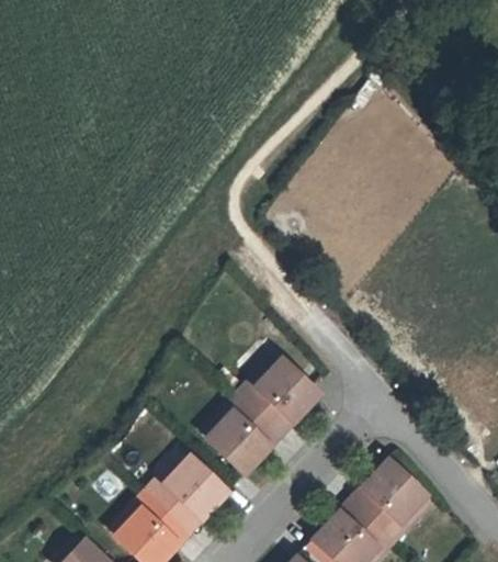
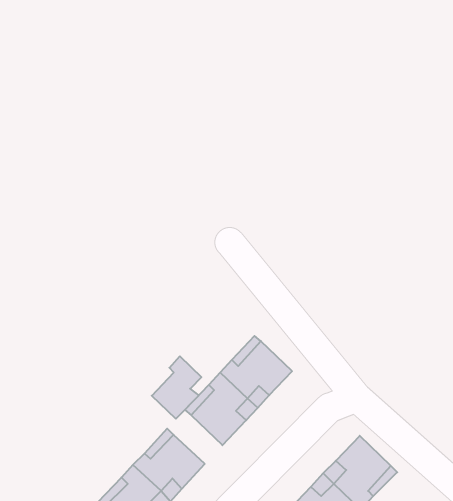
building: none -> [152,356,201,419]

